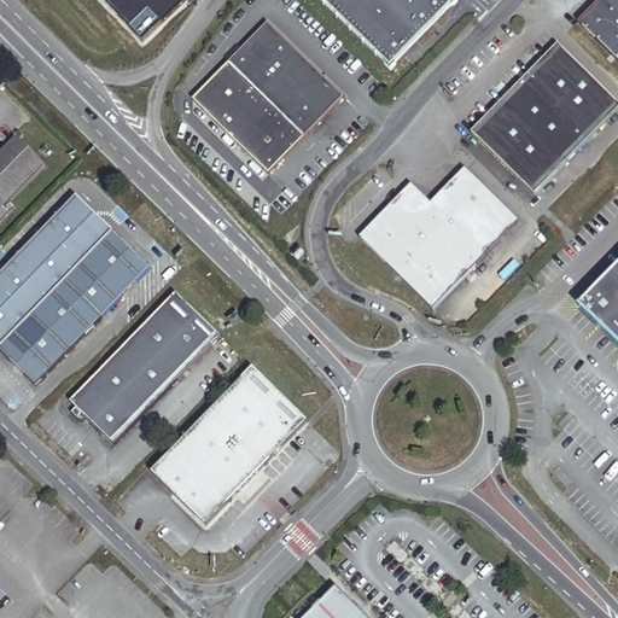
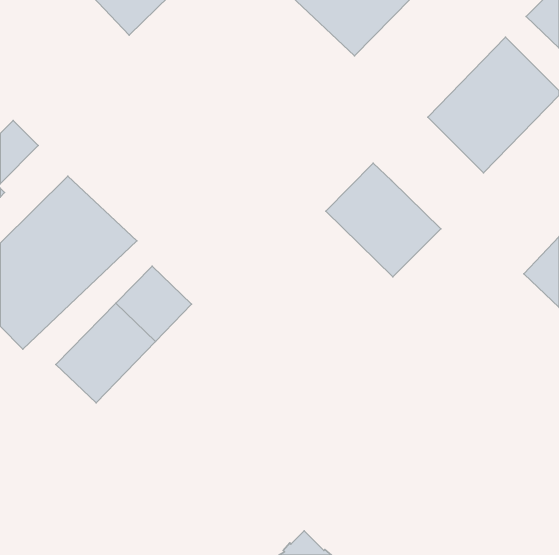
building: [194,19,345,170] -> none
building: [432,165,520,252] -> none
building: [145,365,304,527] -> none

